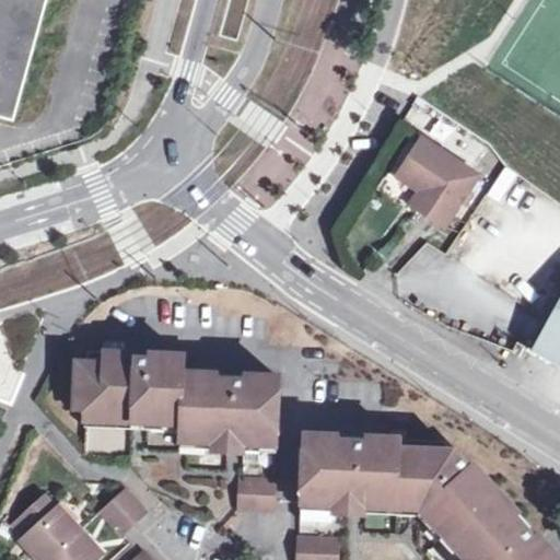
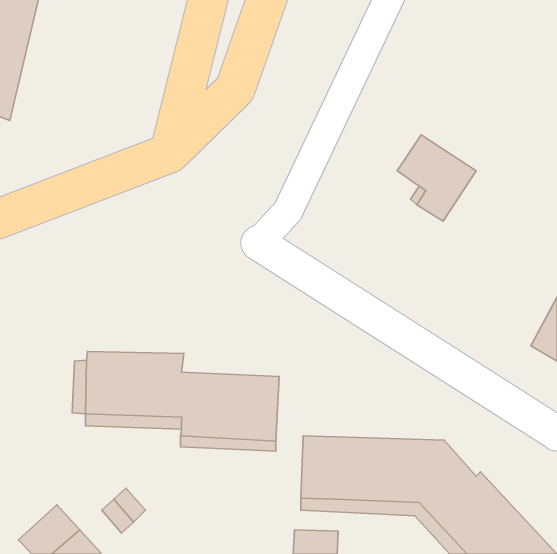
building: [238,478,272,506] -> none

